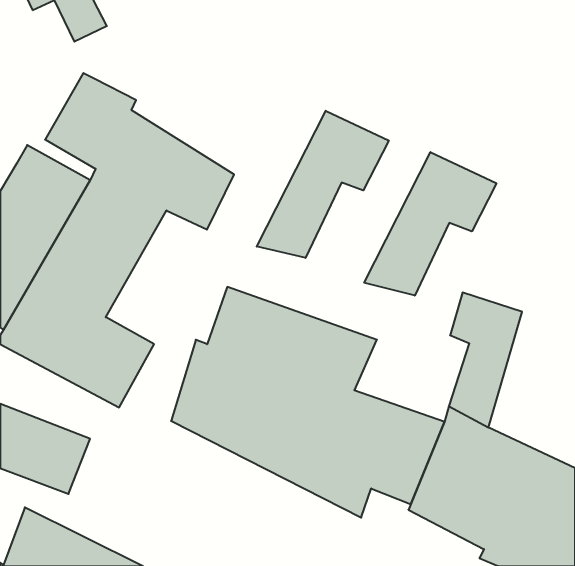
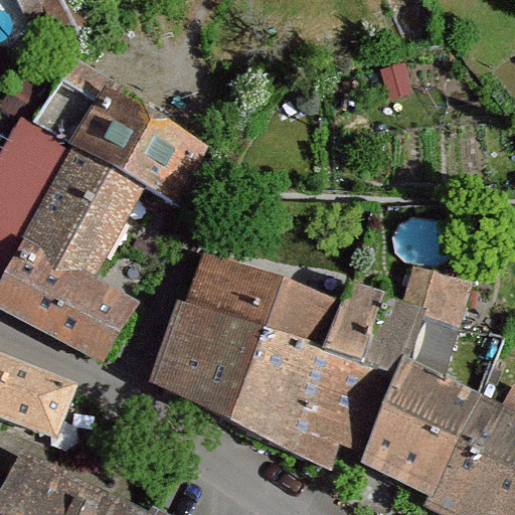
building: [257,111,389,258] -> none
building: [364,152,496,296] -> none
building: none -> [317,281,419,377]

